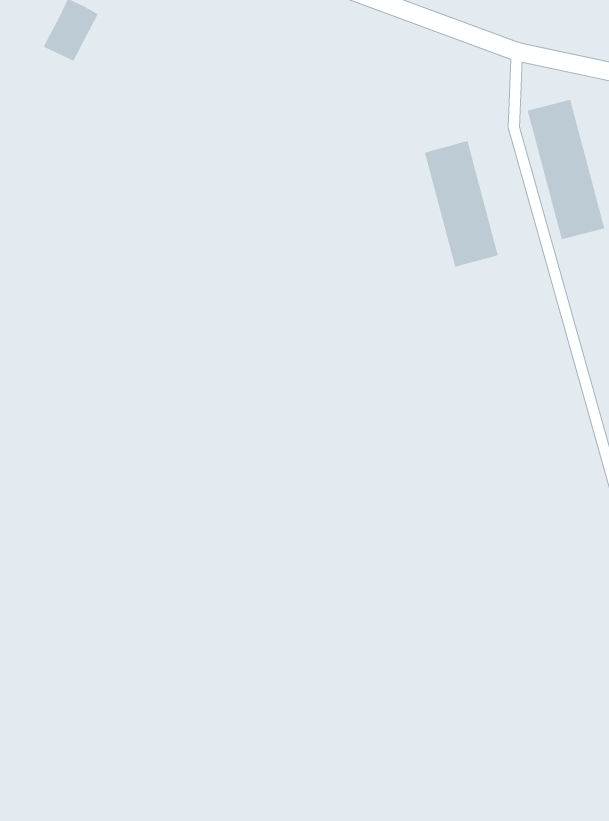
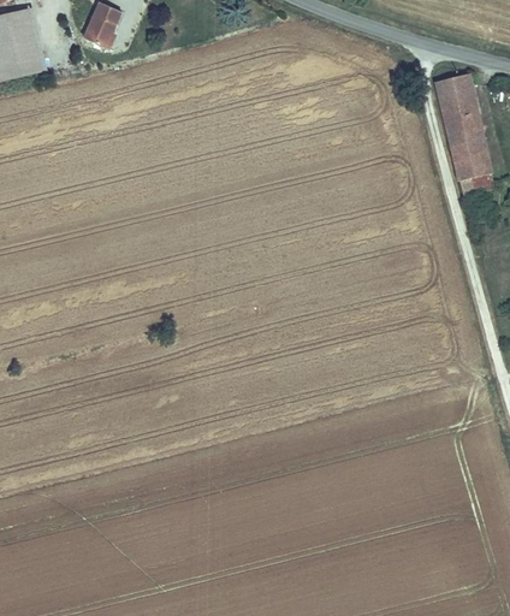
building: [424,140,499,268] -> none

